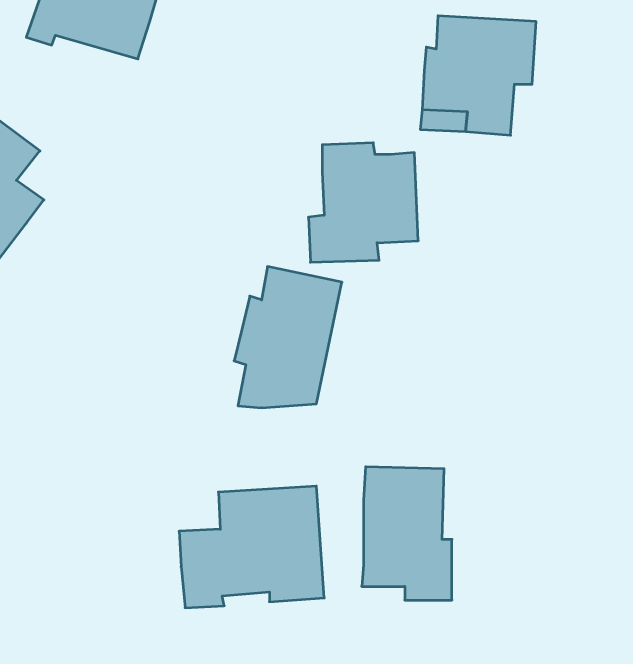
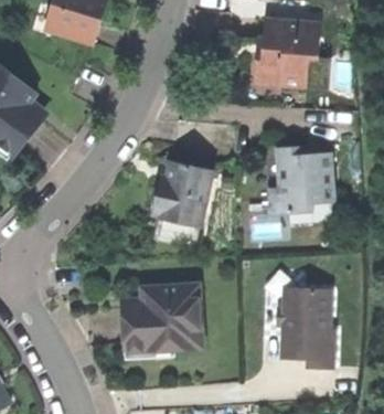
building: [308,143,418,262] -> [268,146,330,213]
building: [362,467,452,600] -> [280,289,331,364]

